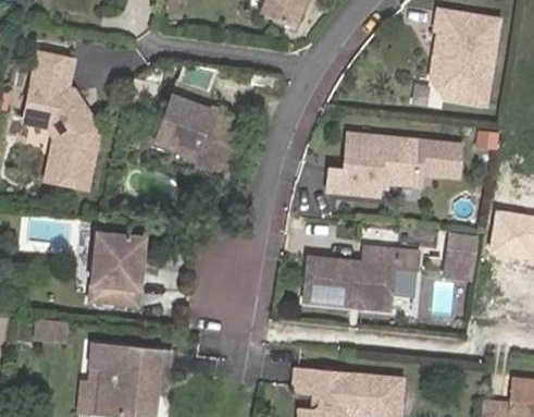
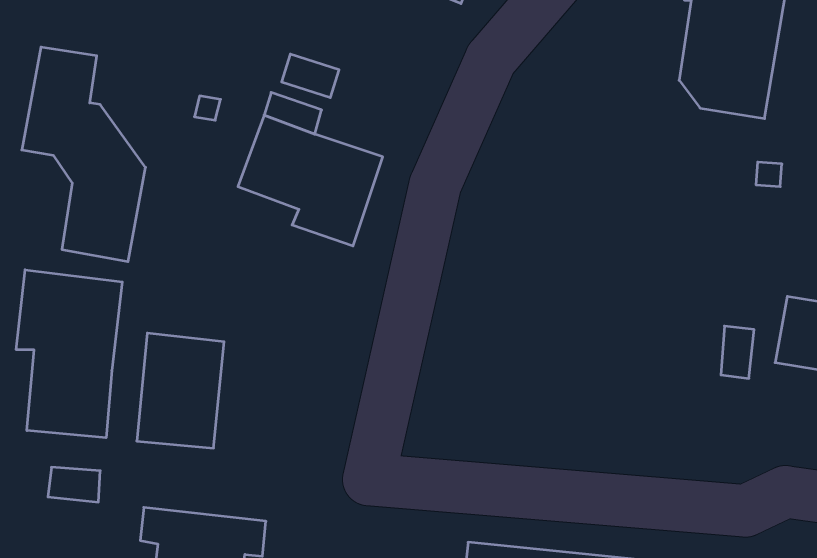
building: [327,135,458,195] -> none
building: none -> [16,270,122,438]
building: [307,246,422,309] -> none

